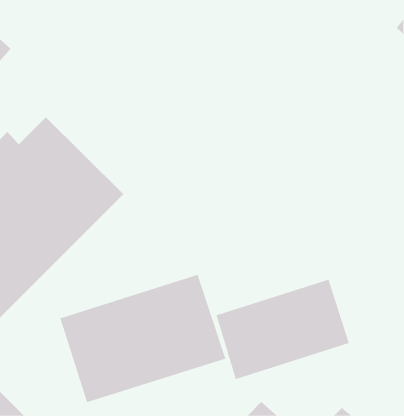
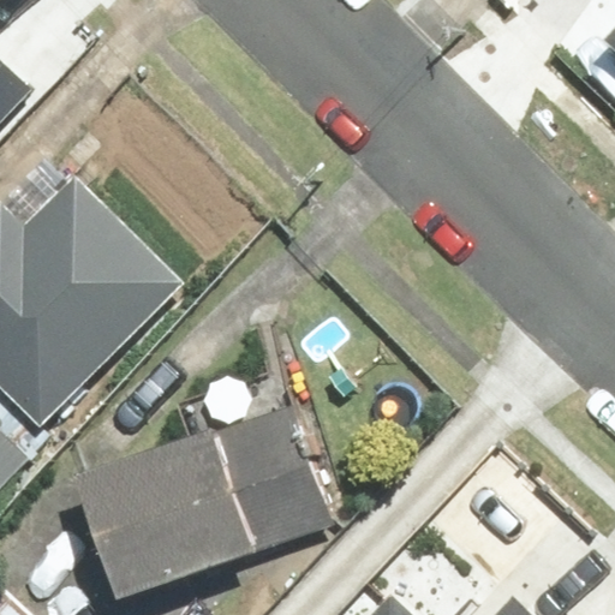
building: [216,279,349,380] -> none

